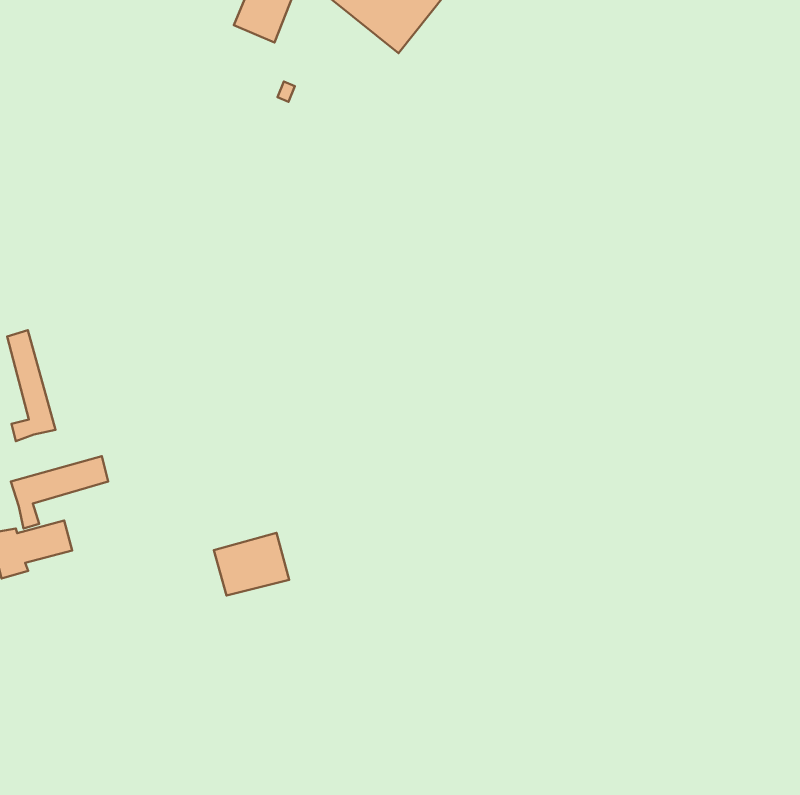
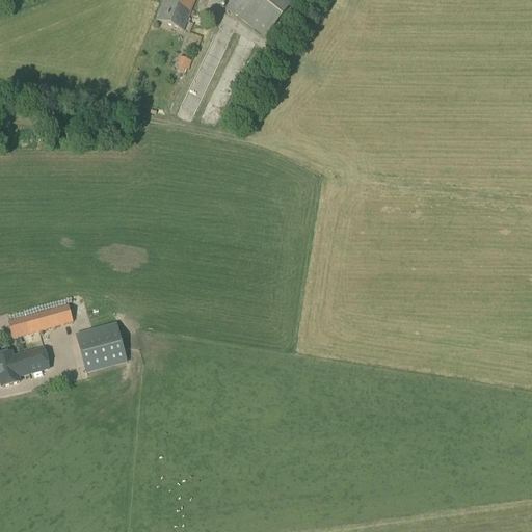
building: [7,330,55,441] -> none
building: [214,533,289,595] -> [77,329,127,371]

